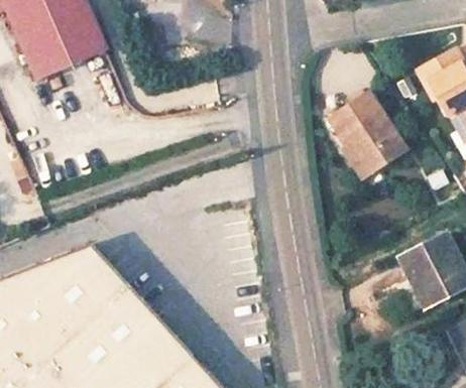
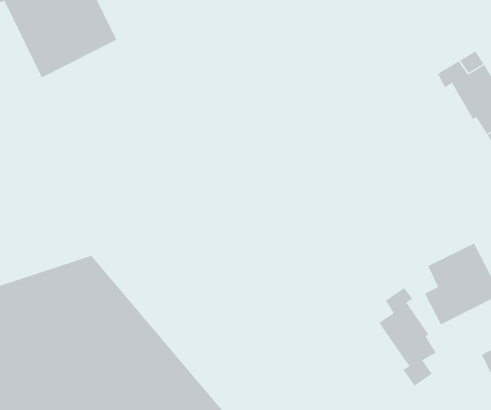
building: [336,101,409,182] -> none
building: none -> [378,287,437,387]

